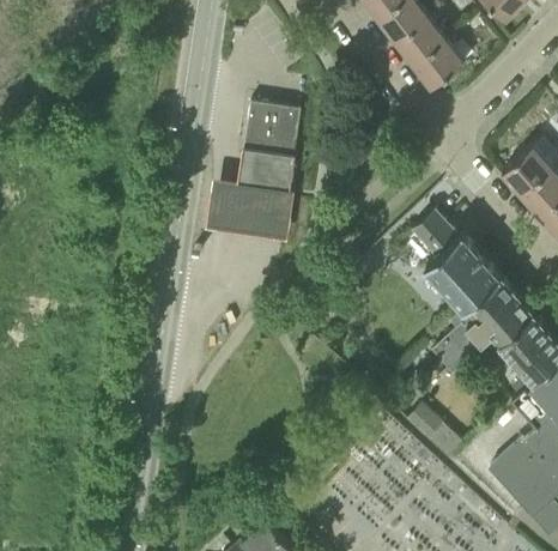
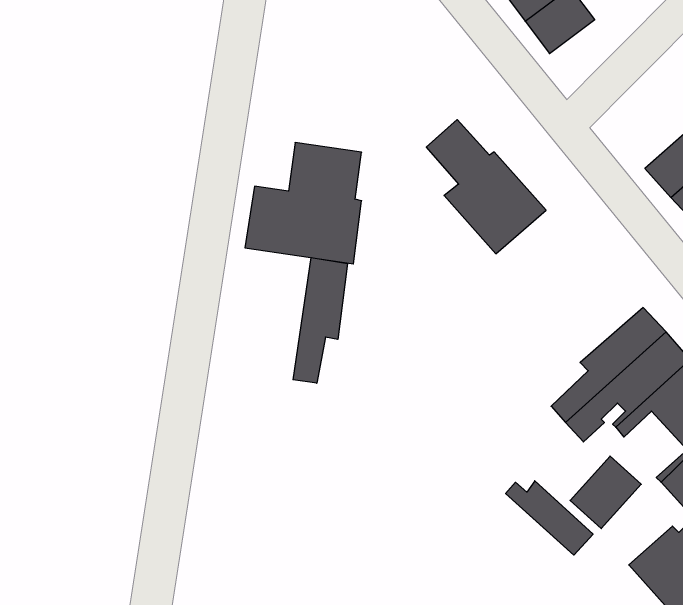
building: [243,102,301,162] -> none
building: [412,210,501,309] -> [426,120,546,254]
building: none -> [293,258,347,383]
building: none -> [570,456,641,529]

